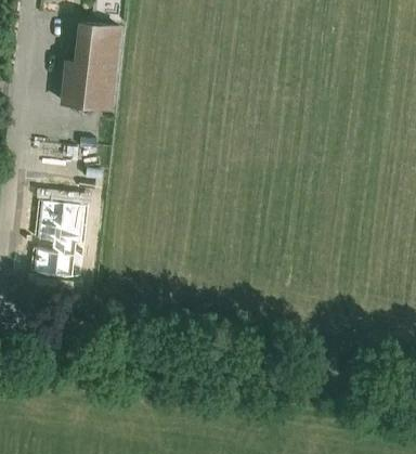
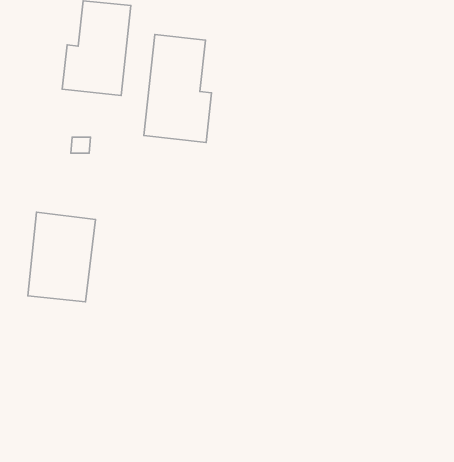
building: none -> [144,34,212,143]

